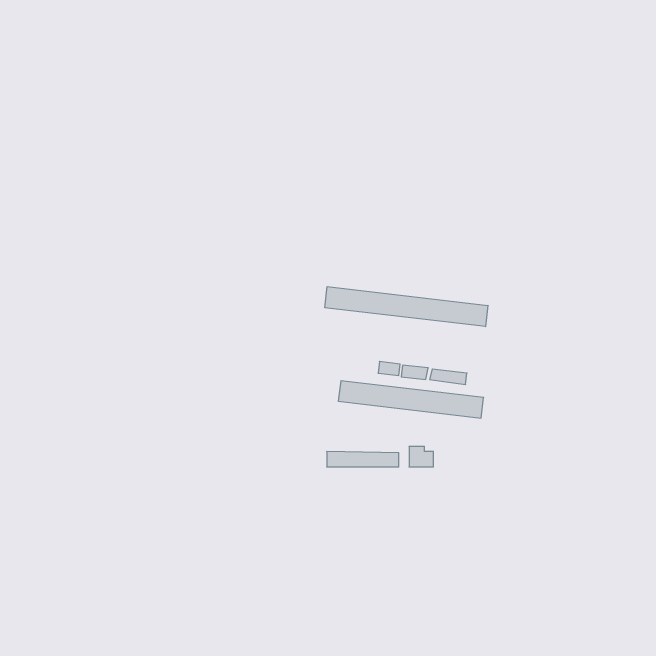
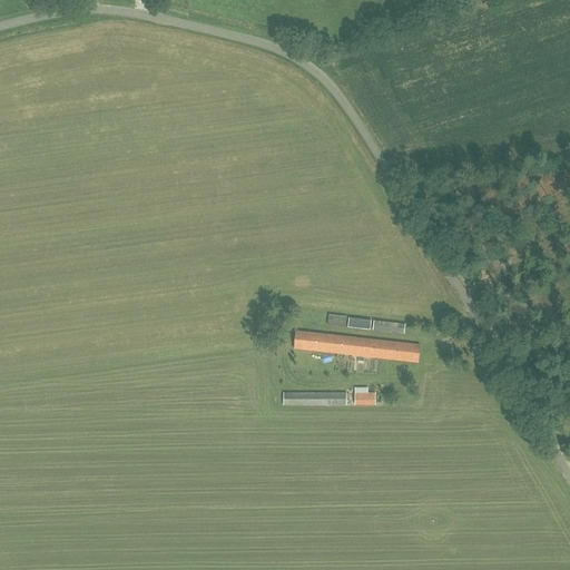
building: [325,287,488,327] -> none

